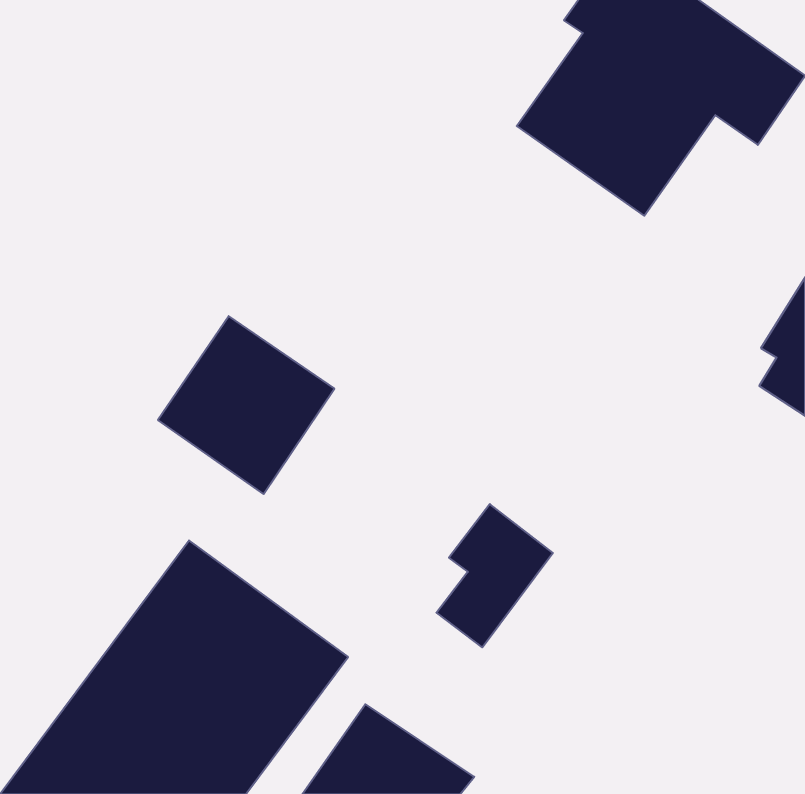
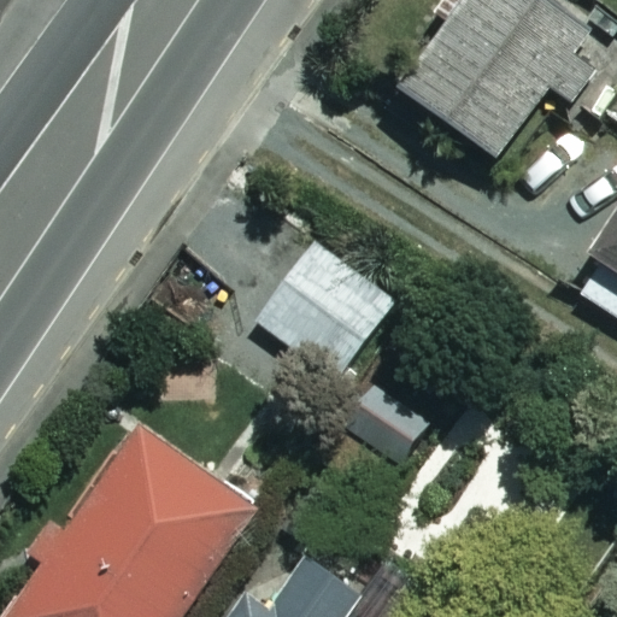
building: [158,316,334,494] -> [260,245,395,381]

